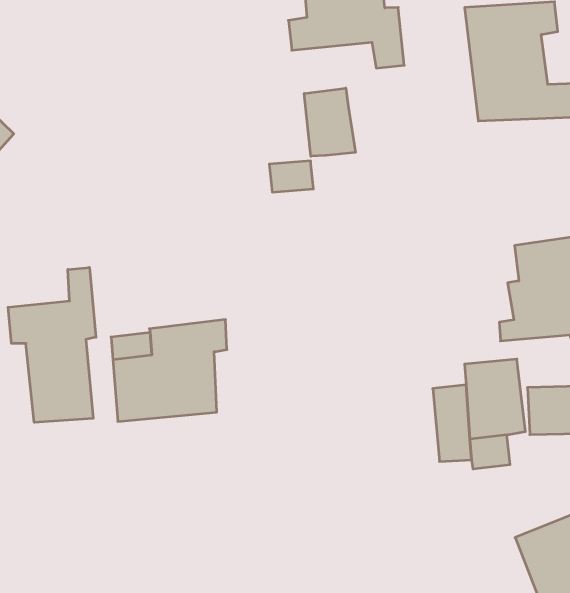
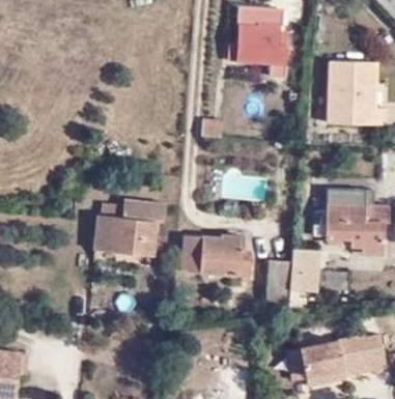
building: [304,88,355,156] -> none
building: [8,267,96,422] -> none
building: none -> [184,235,253,276]

